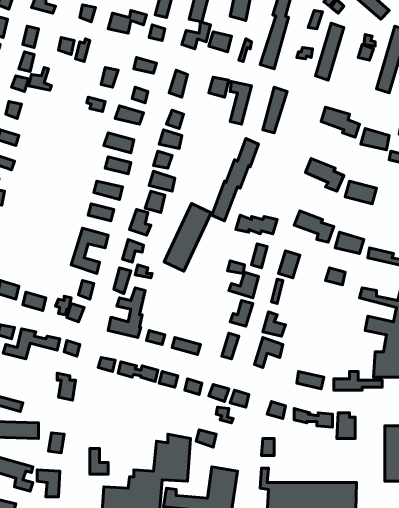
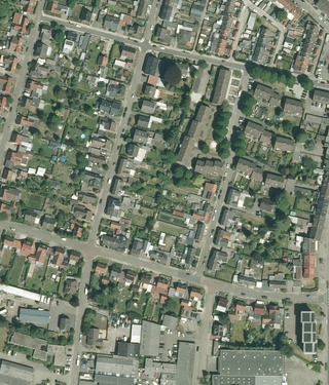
building: [164,204,211,271] -> none

